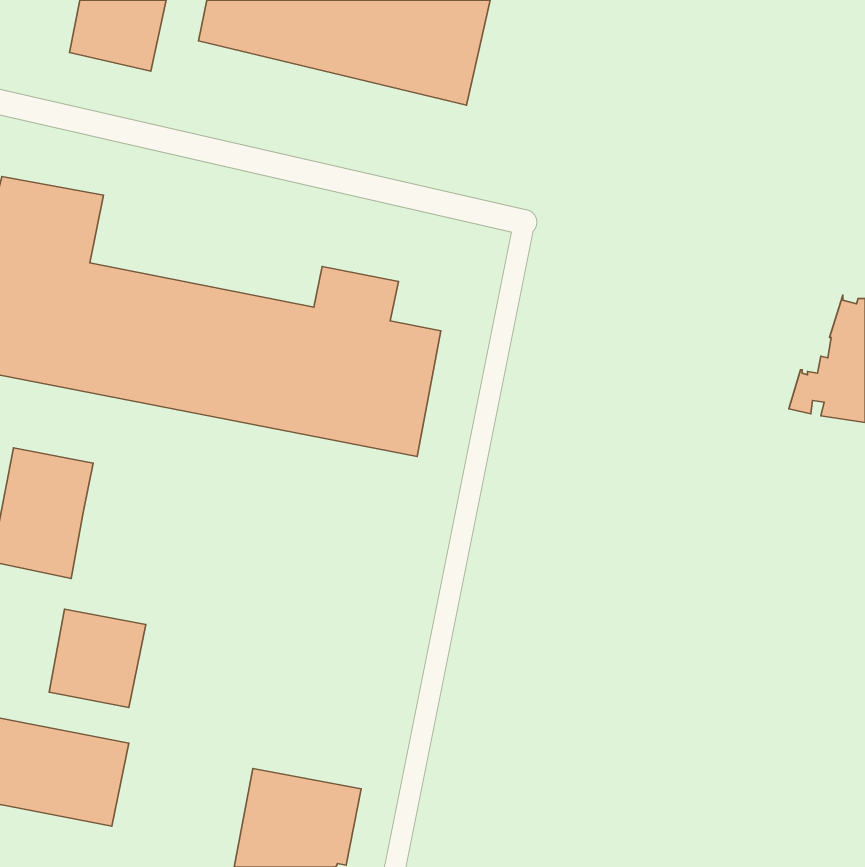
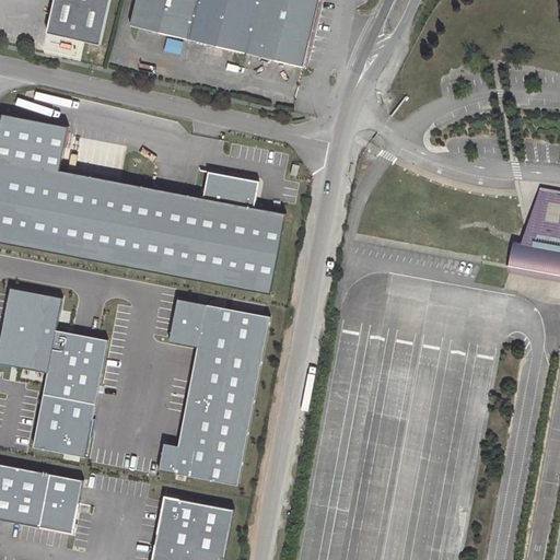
building: none -> [158,300,269,483]
building: none -> [42,330,106,402]

